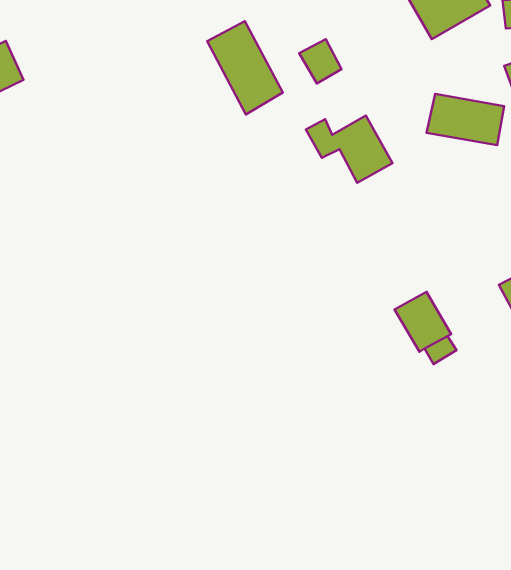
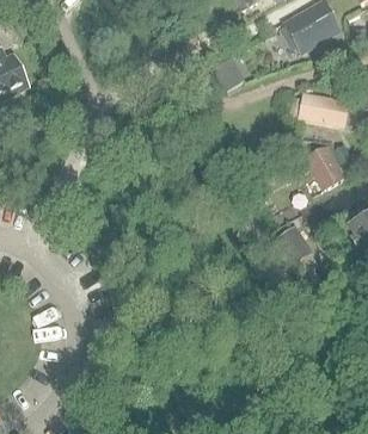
building: [207,21,283,114] -> none
building: [306,116,392,183] -> [286,144,344,190]

